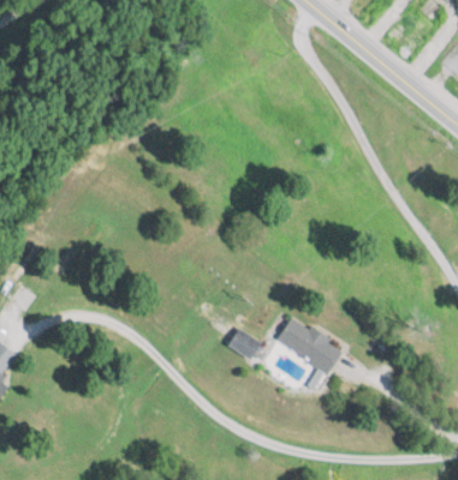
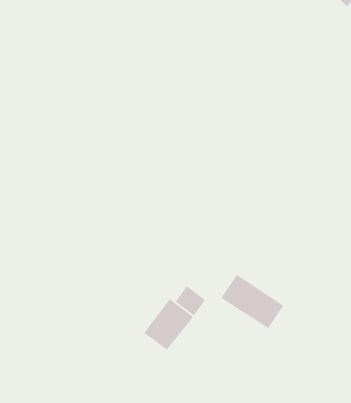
building: none -> [143,298,194,351]

